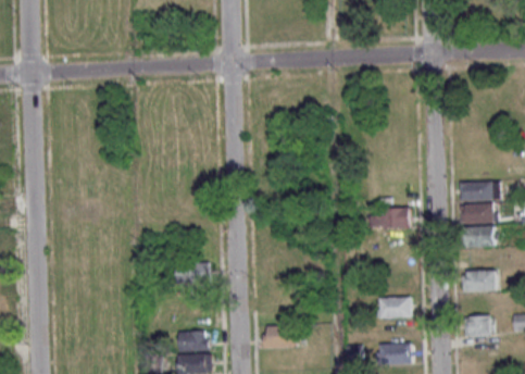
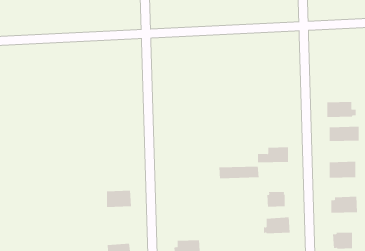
building: [459,203,497,224] -> [327,101,356,118]
building: none -> [219,166,259,179]
building: none -> [267,191,285,208]

